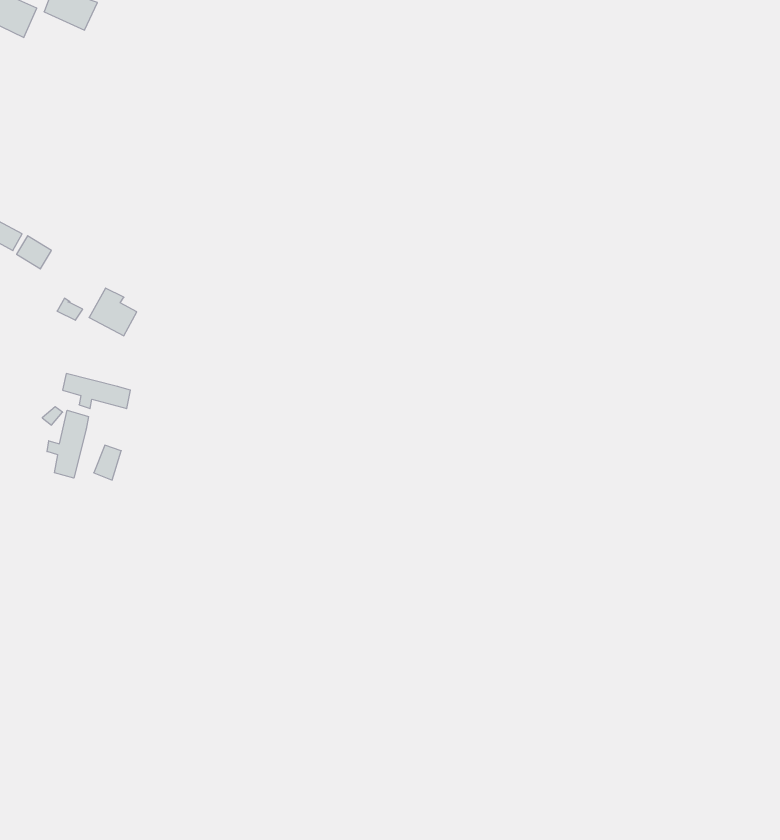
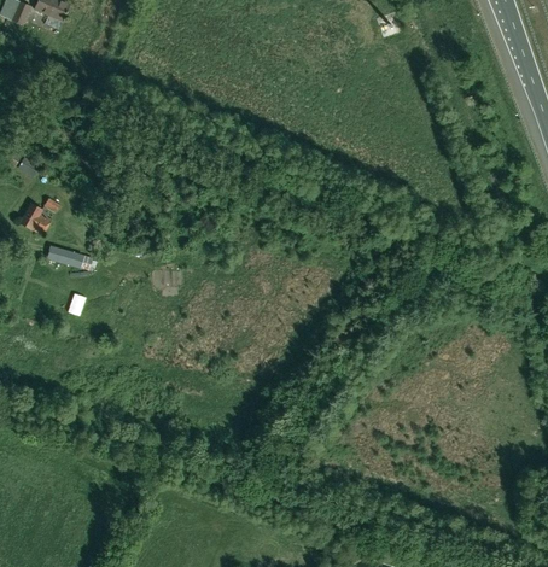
building: [89,288,137,336] -> [19,203,51,234]
building: [47,410,89,478] -> none

